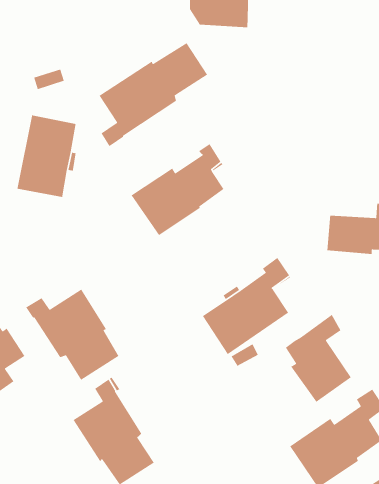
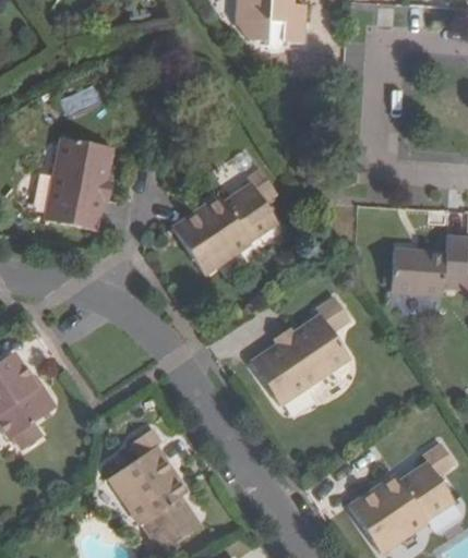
building: [98,42,208,147] -> none
building: [25,288,119,381] -> none
building: [285,314,352,403] -> none

